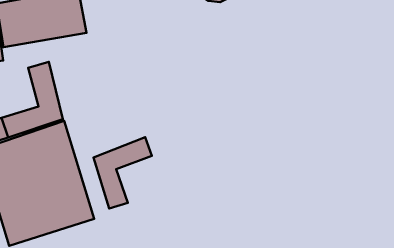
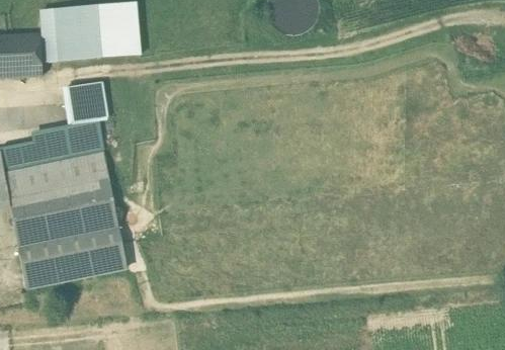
building: [93,137,152,209] -> none

